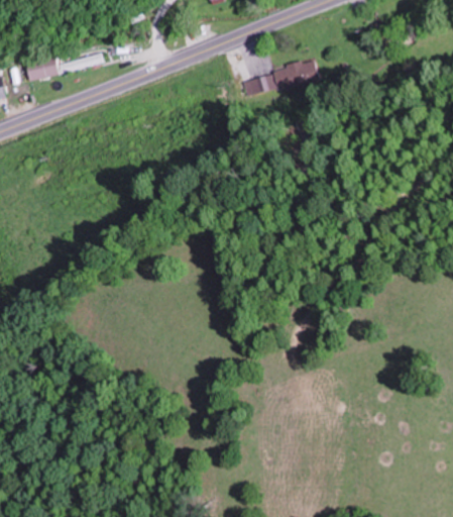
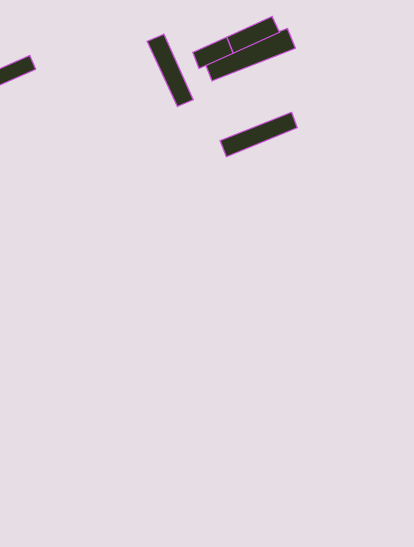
building: none -> [147,34,193,107]
building: none -> [220,112,297,157]

